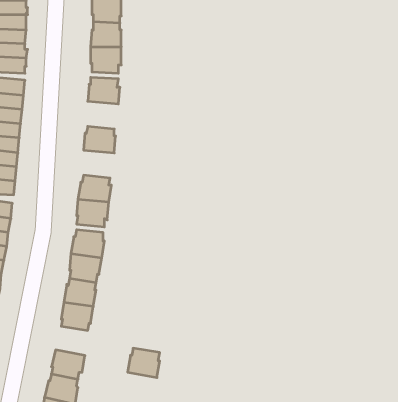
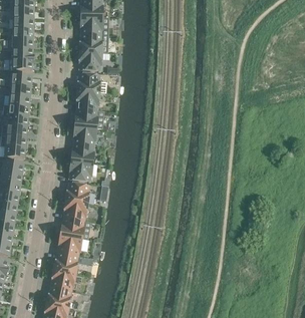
building: none -> [77,90,100,110]
building: none -> [74,125,97,145]
building: [128,348,160,378] -> [55,252,78,273]

